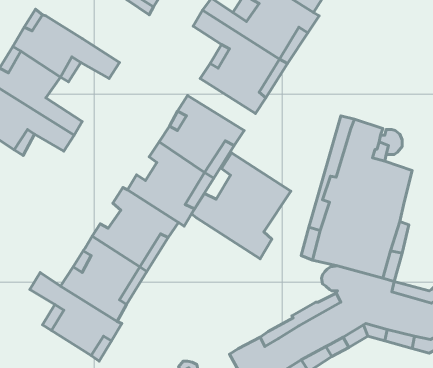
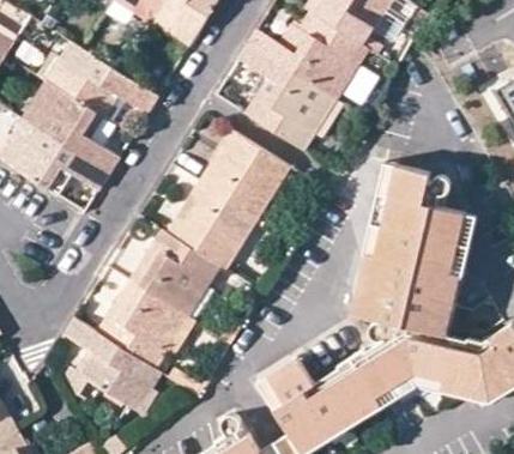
building: [192,153,291,259] -> none
building: none -> [262,356,316,405]

